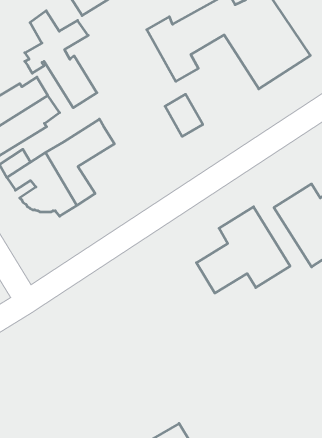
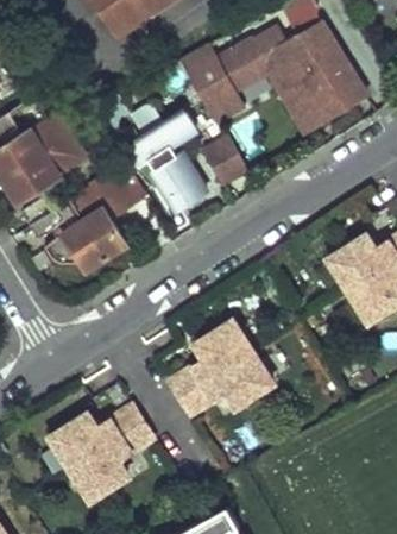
building: [25,11,97,108] -> [130,101,209,208]
building: [196,207,290,293] -> [168,319,271,414]
building: none -> [46,406,151,500]

